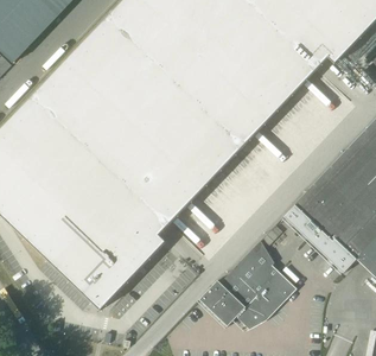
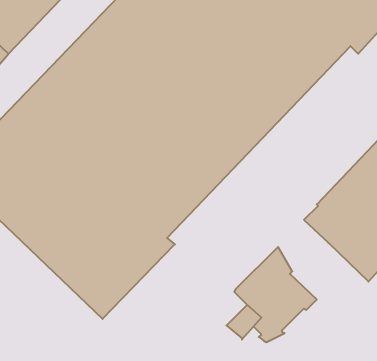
building: [199,279,232,312] -> none

